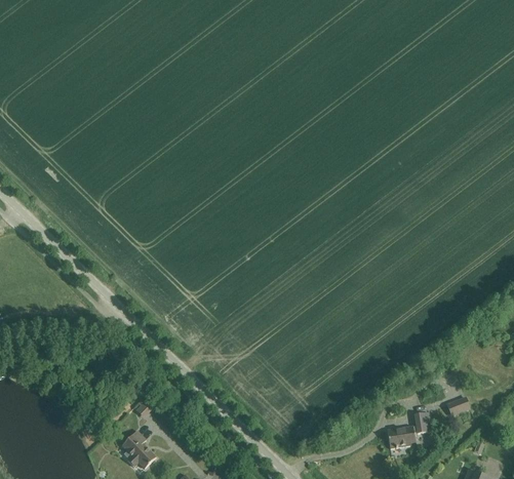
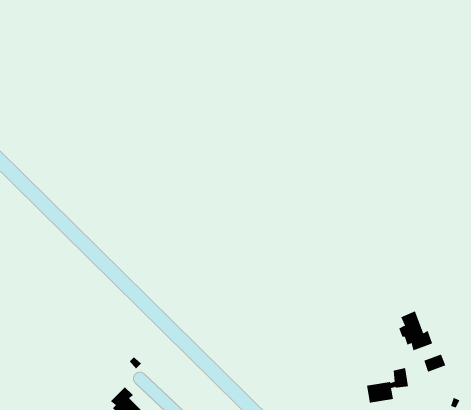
building: none -> [399,311,433,351]

